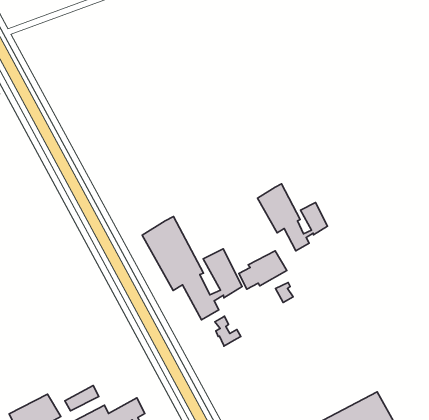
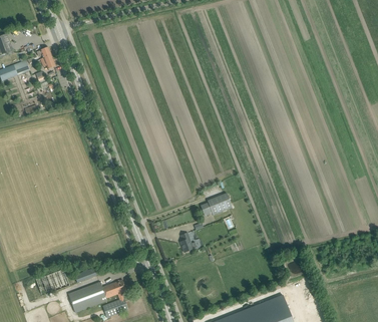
building: [258,184,328,251] -> none
building: [142,217,242,320] -> none

